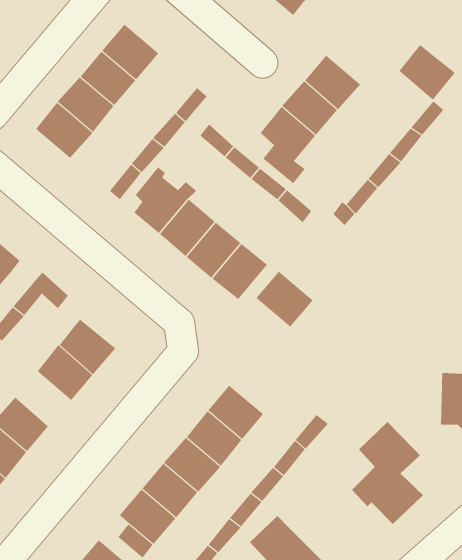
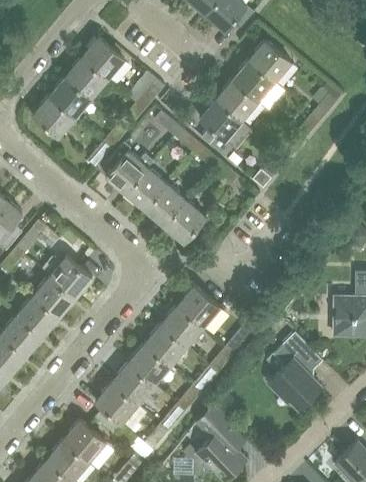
building: [398,44,455,101] -> [248,41,290,83]
building: [256,271,313,328] -> [176,286,219,328]
building: none -> [17,296,59,337]

